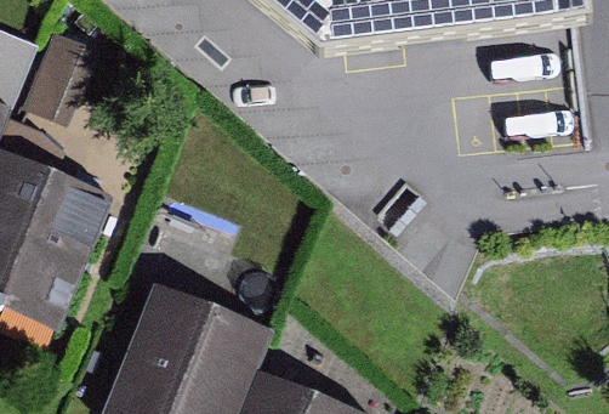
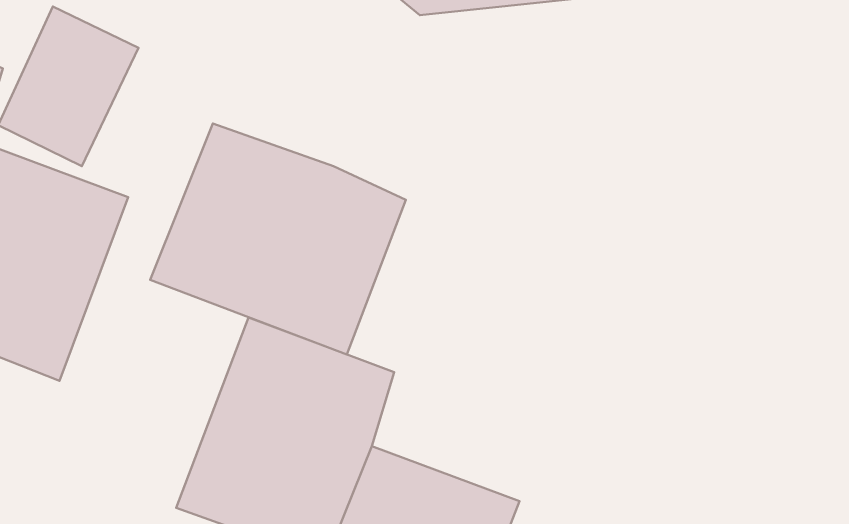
building: none -> [150,124,406,355]

